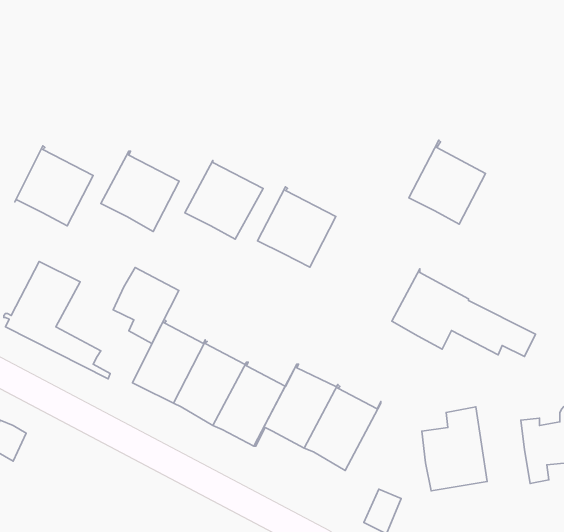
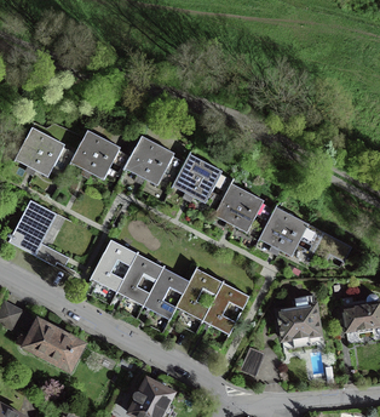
building: [409,140,485,224] -> [214,178,264,233]
building: [113,267,179,343] -> none
building: none -> [25,320,84,370]

